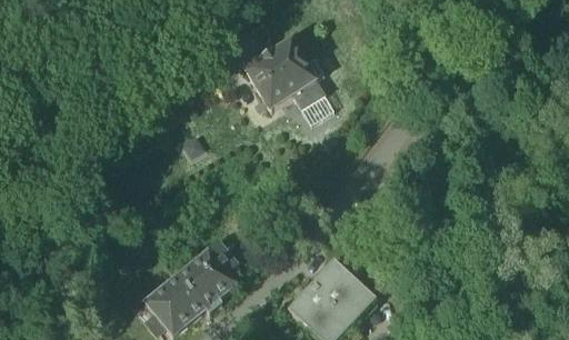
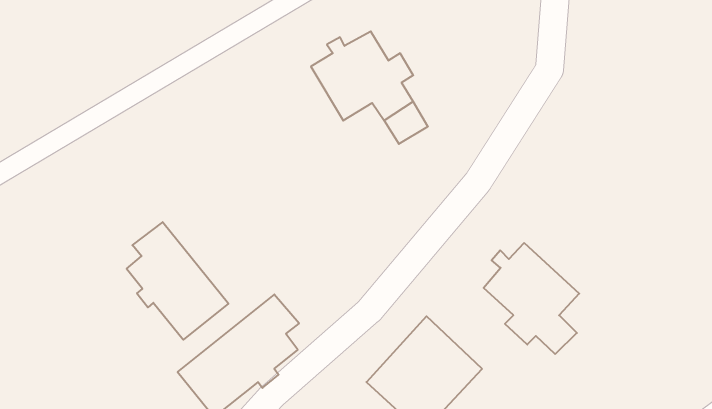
building: none -> [127,222,228,340]
building: none -> [484,243,579,354]

